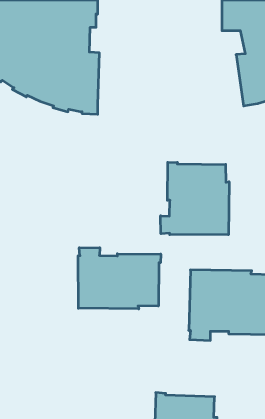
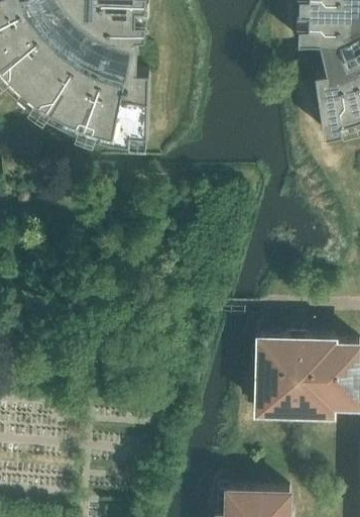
building: [161,162,229,235] -> none
building: [78,248,161,309] -> none

